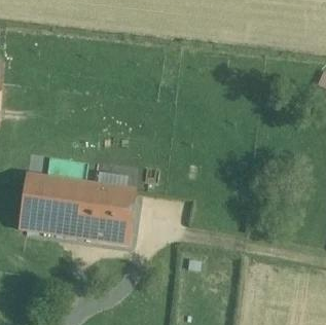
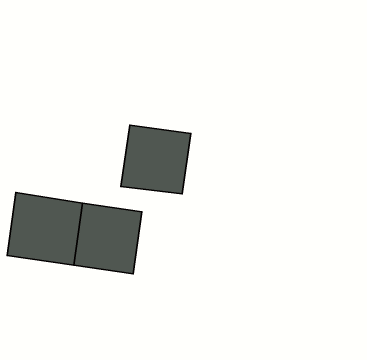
building: none -> [121,125,191,194]

